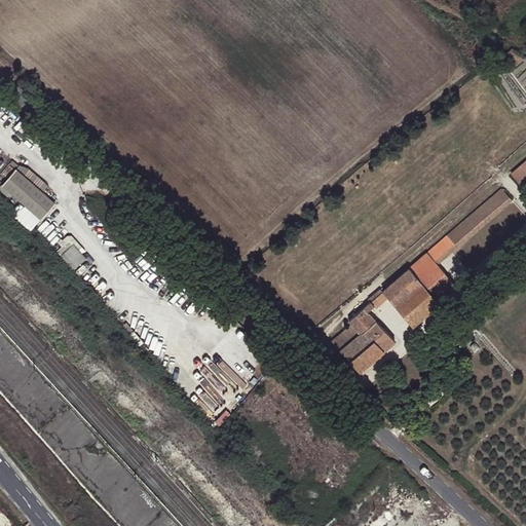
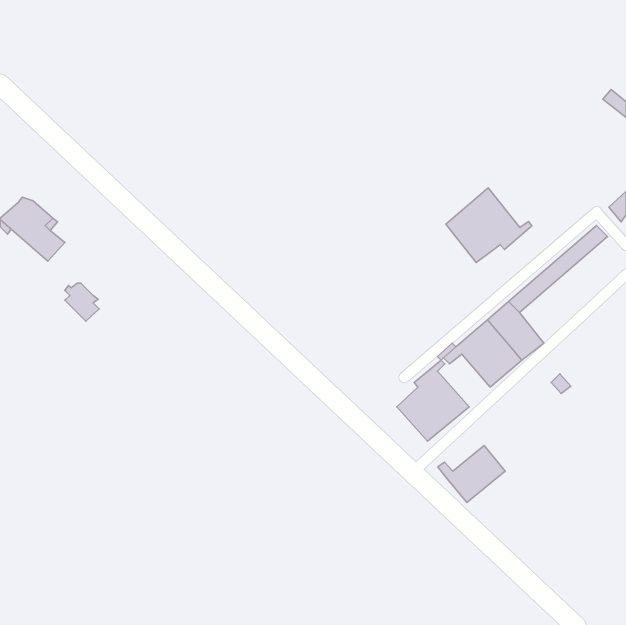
building: none -> [446,188,532,263]
building: none -> [438,446,505,502]

